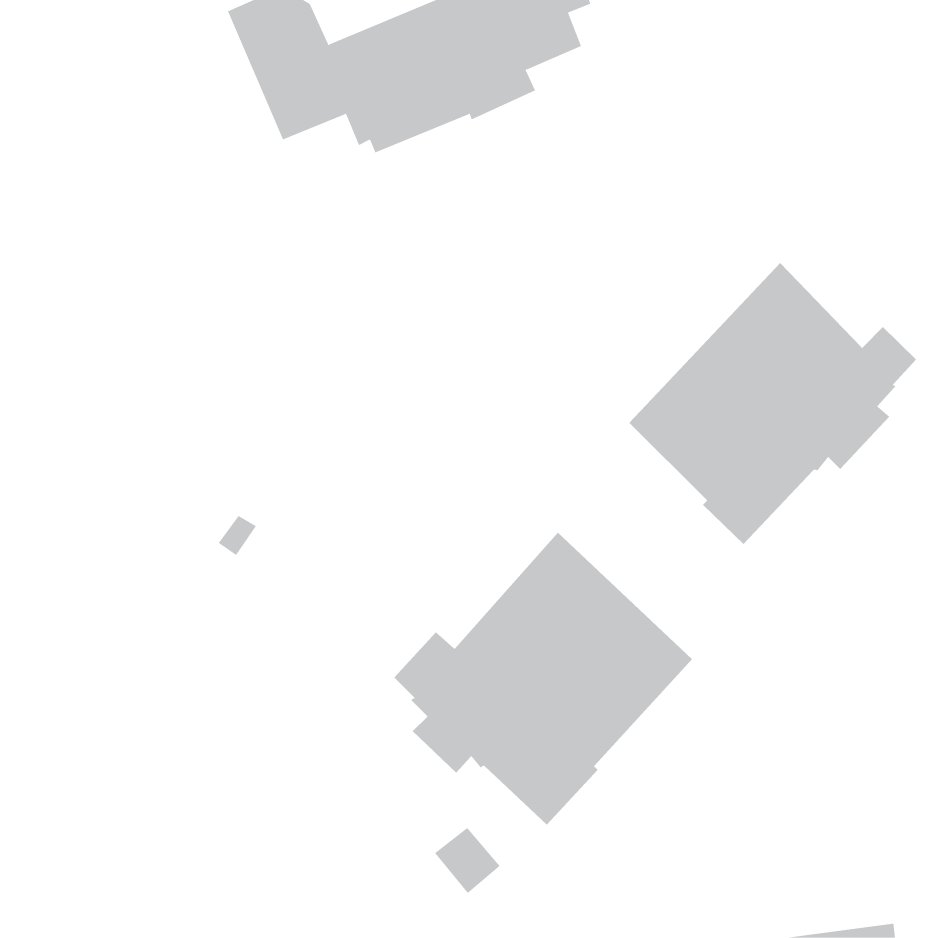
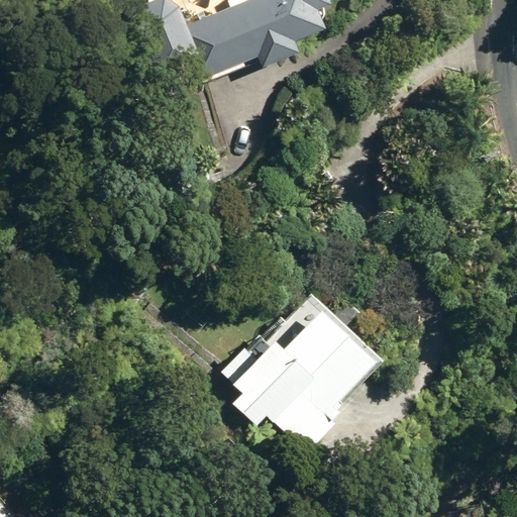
building: [628,262,917,545] -> none

